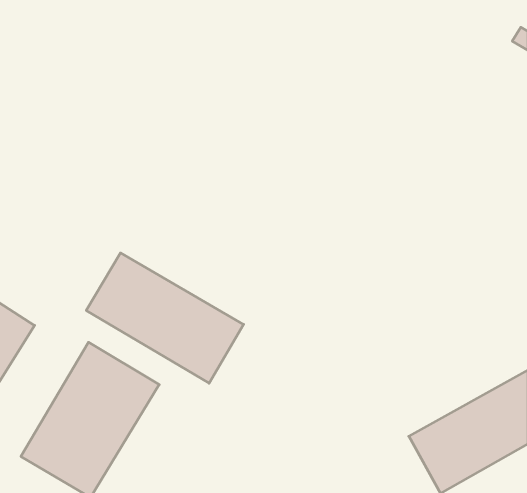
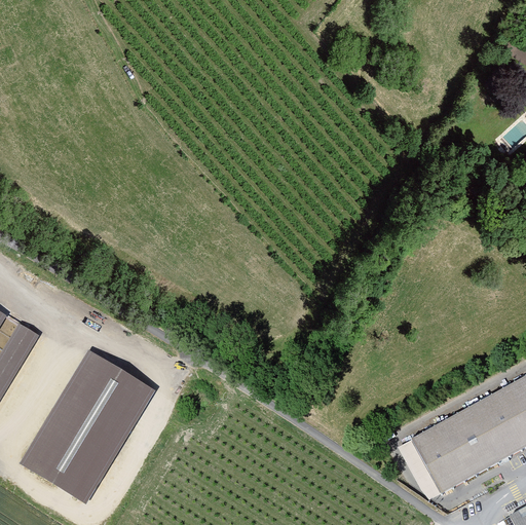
building: [86,253,244,383] -> none

